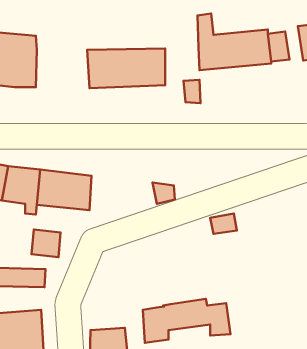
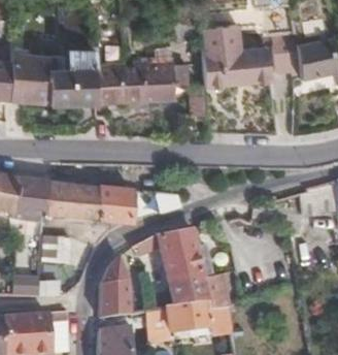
building: none -> [46,64,98,101]
building: none -> [98,186,133,222]
building: none -> [161,230,230,311]
building: none -> [100,260,132,322]

